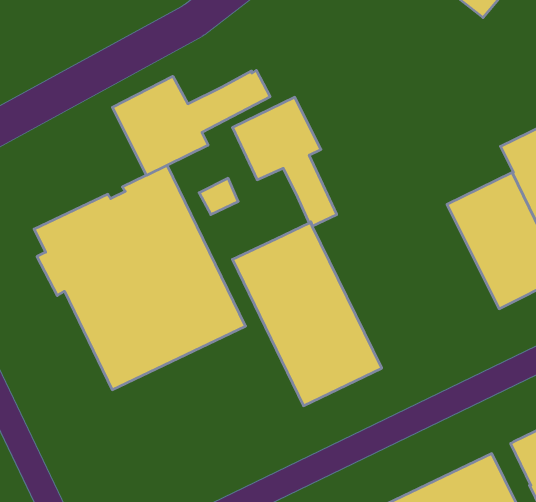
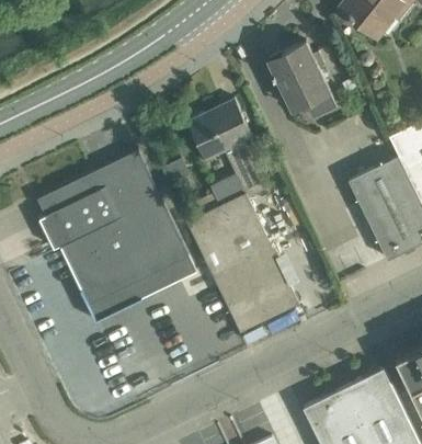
building: none -> [266,43,337,117]
building: [112,70,270,175] -> none
building: none -> [210,175,244,207]

